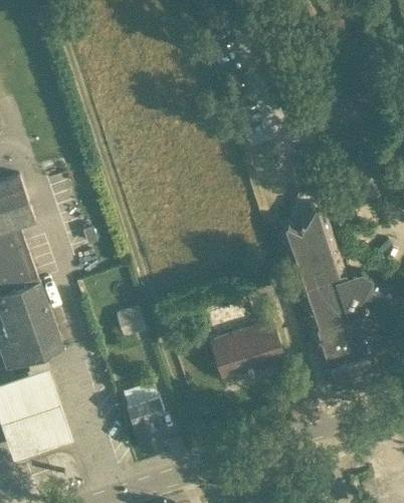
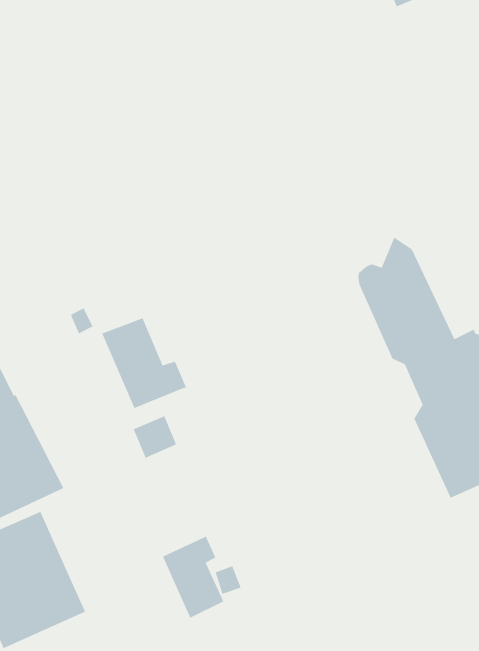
building: none -> [101,317,187,409]
building: [211,318,283,379] -> none

